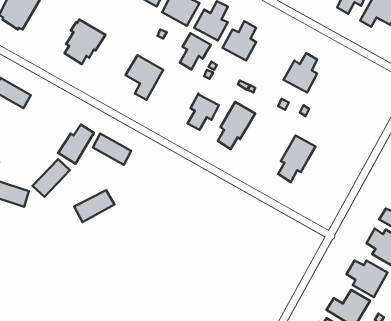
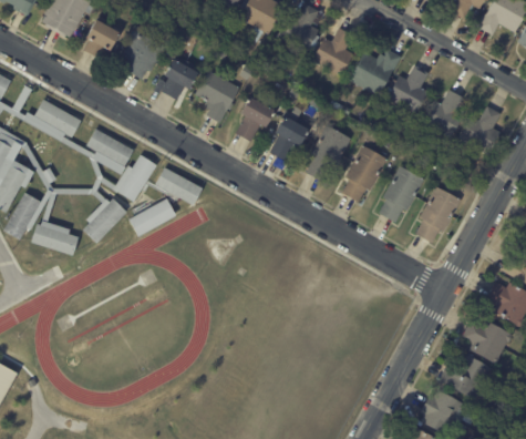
building: none -> [84,20,118,57]
building: [180,33,211,70] -> [237,96,275,141]
building: none -> [159,49,195,101]
building: none -> [348,50,400,98]
building: none -> [421,91,463,139]
building: none -> [460,106,501,155]
building: none -> [85,126,132,165]
building: none -> [341,146,386,203]
building: none -> [415,187,460,245]
building: [74,190,114,222] -> [127,197,176,236]

